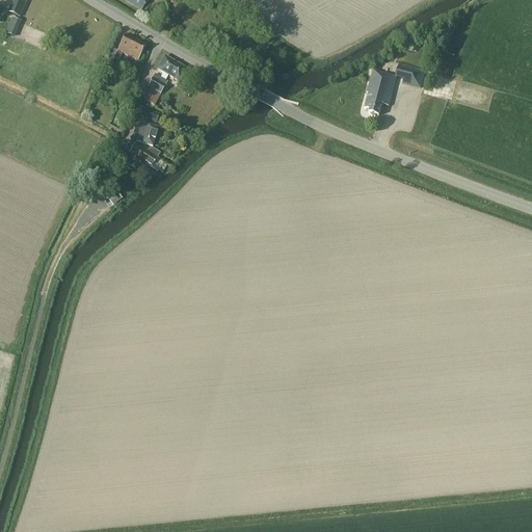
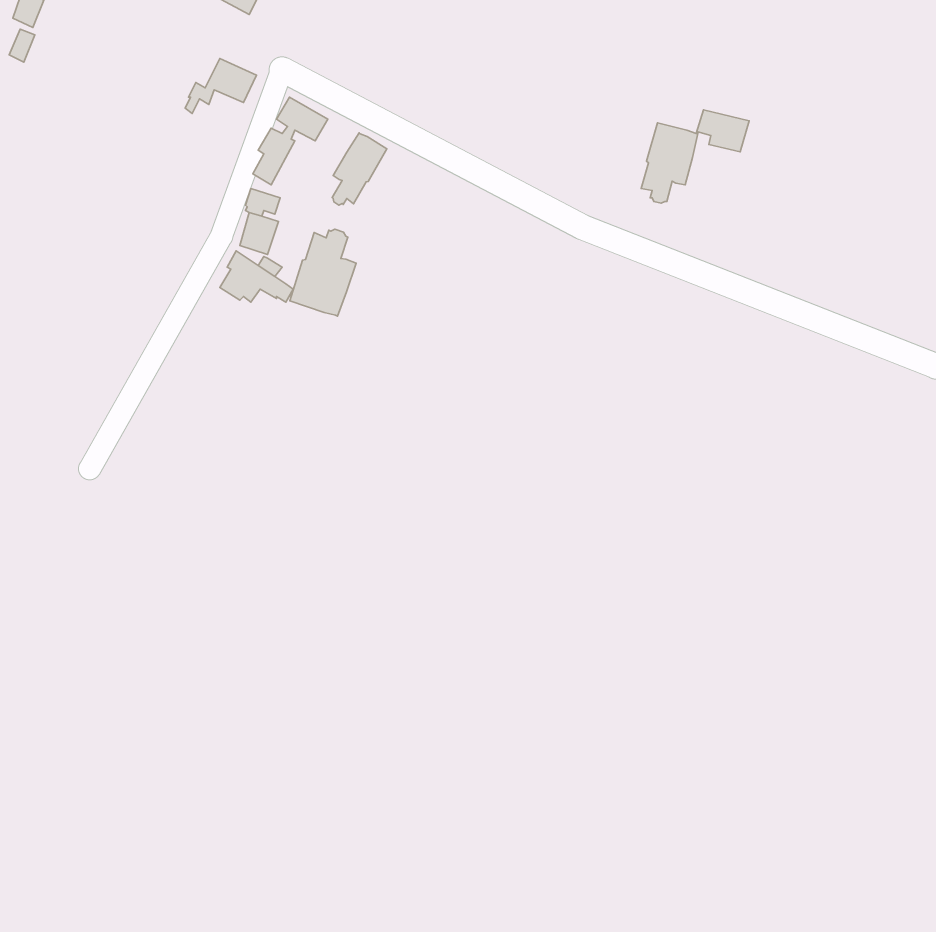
building: none -> [332,133,387,205]
building: none -> [290,229,356,316]

